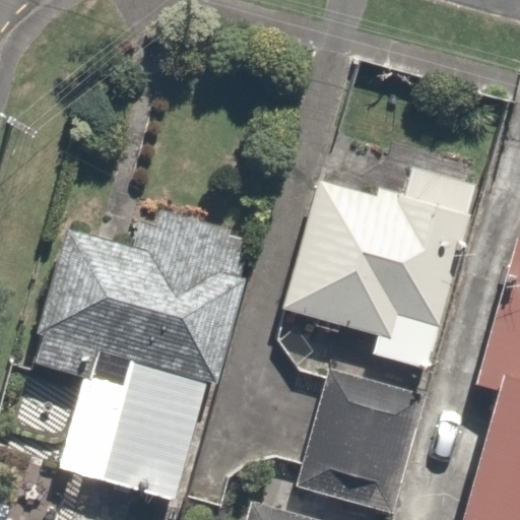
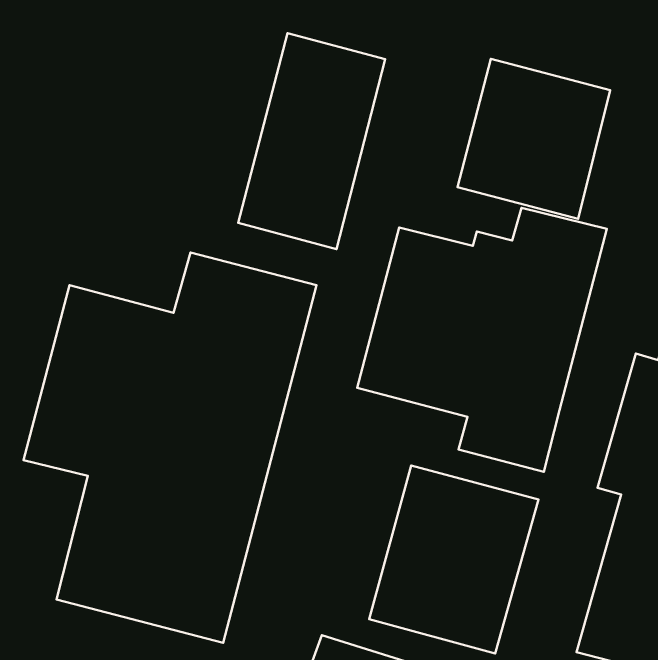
building: none -> [238,33,385,249]
building: none -> [458,59,610,219]

